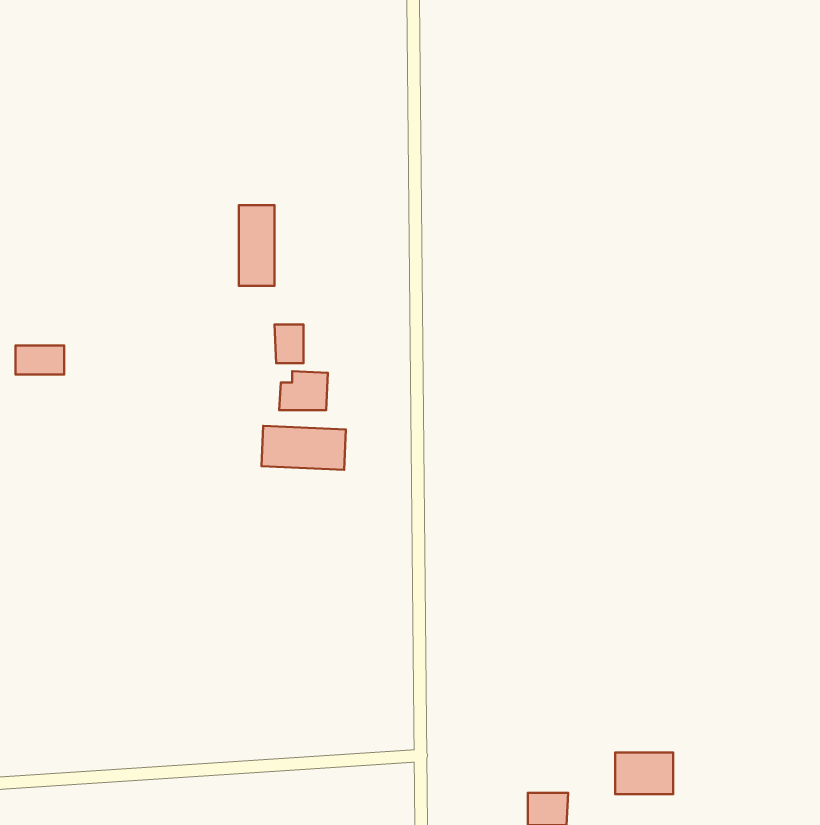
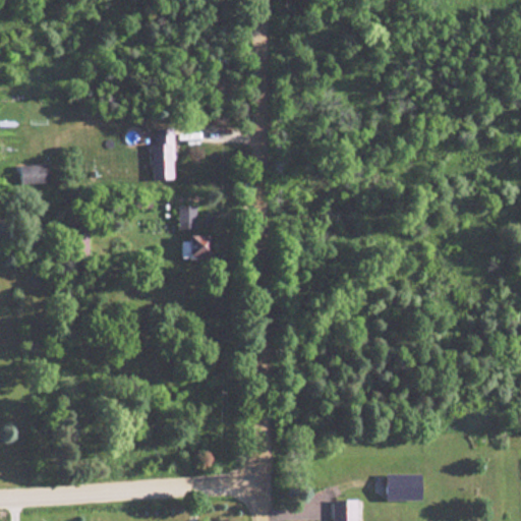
building: [16,345,64,374] -> [22,165,53,183]
building: [262,426,346,470] -> none

